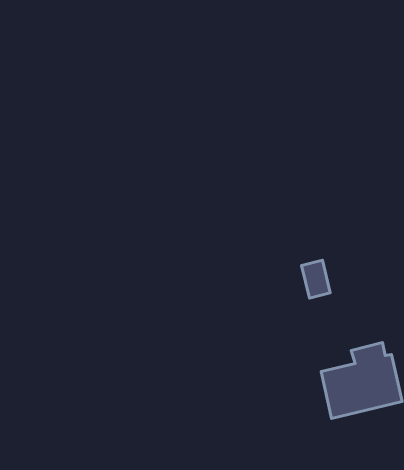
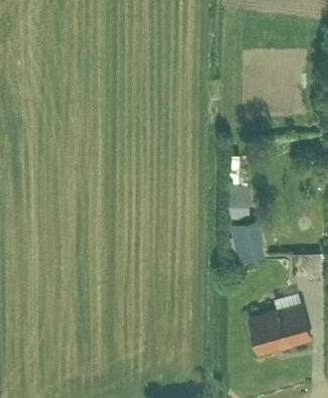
building: none -> [223,189,248,216]

